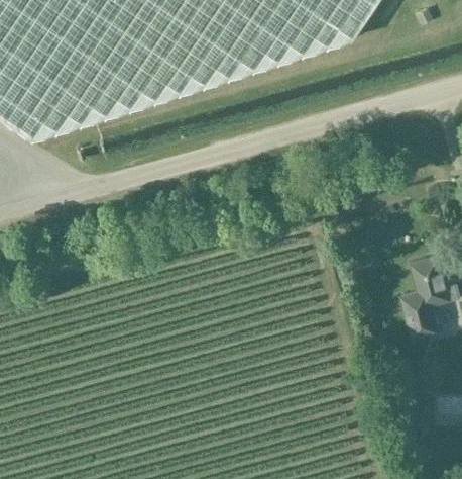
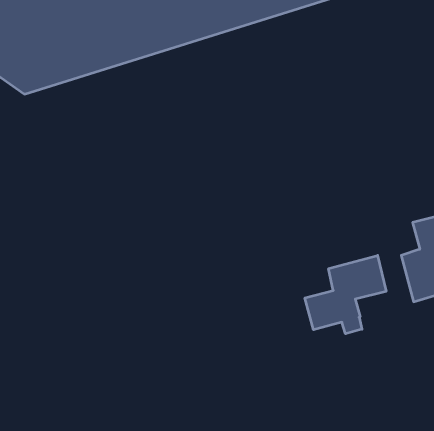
building: none -> [305,255,386,334]

